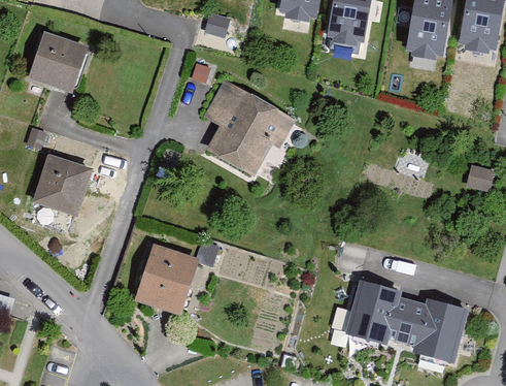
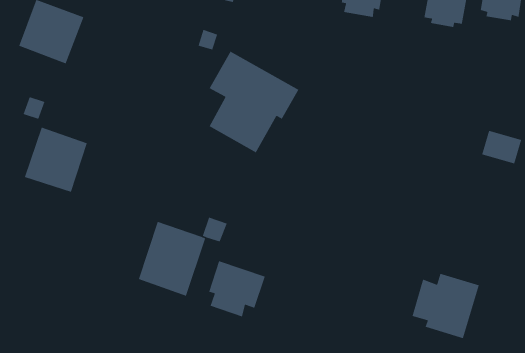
building: [340,274,406,335] -> none
building: none -> [208,260,266,318]

